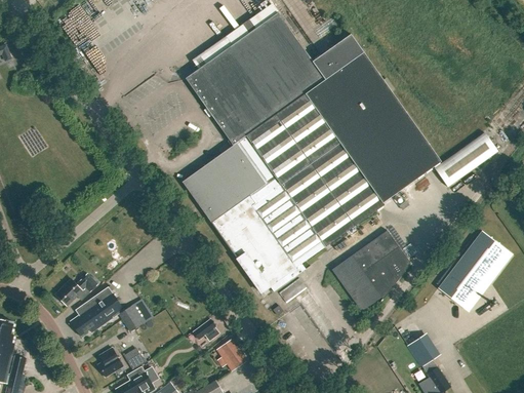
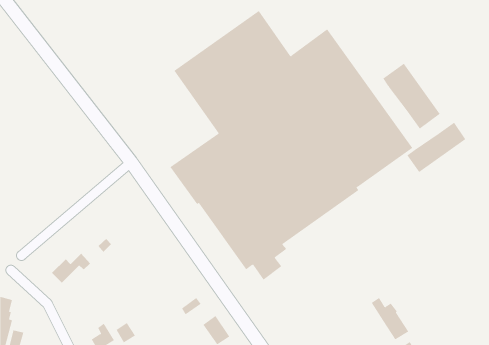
building: none -> [382,63,440,130]
building: [331,230,410,311] -> none
building: [438,230,507,307] -> none
building: [70,285,152,336] -> none

